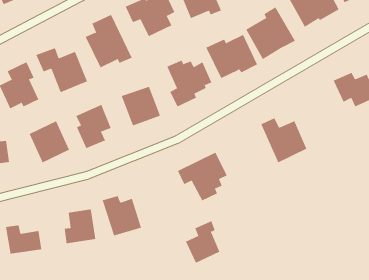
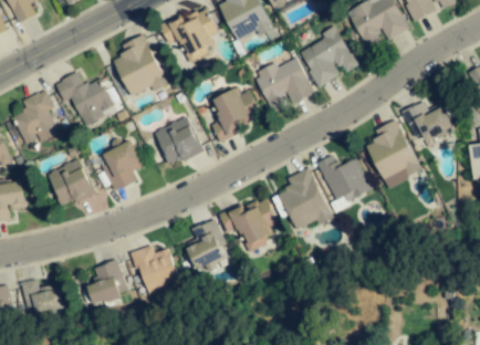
building: none -> [366,119,420,188]
building: none -> [278,167,333,229]
building: [185,221,220,263] -> [184,220,225,270]

